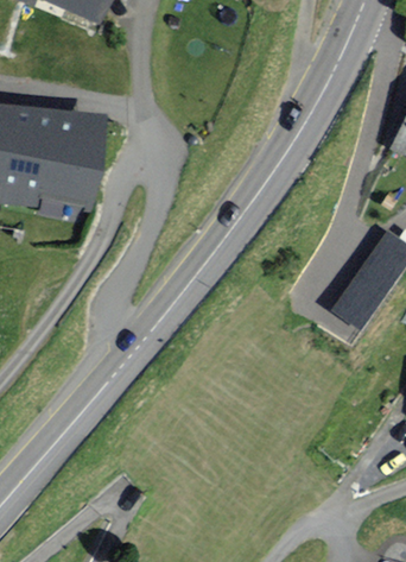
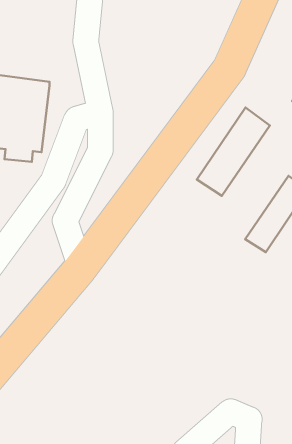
building: none -> [197,108,270,196]

